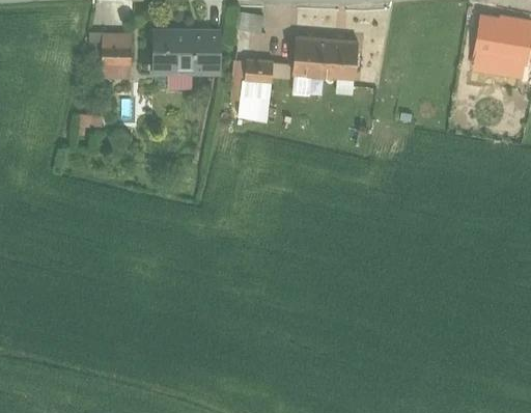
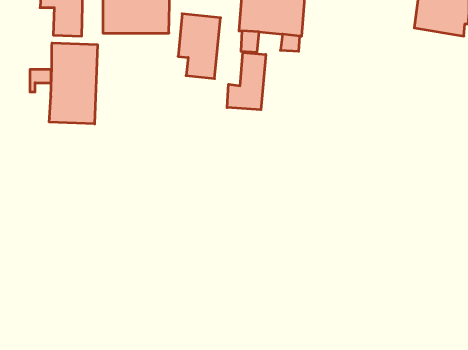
building: none -> [49,43,97,124]
building: none -> [227,53,266,110]

